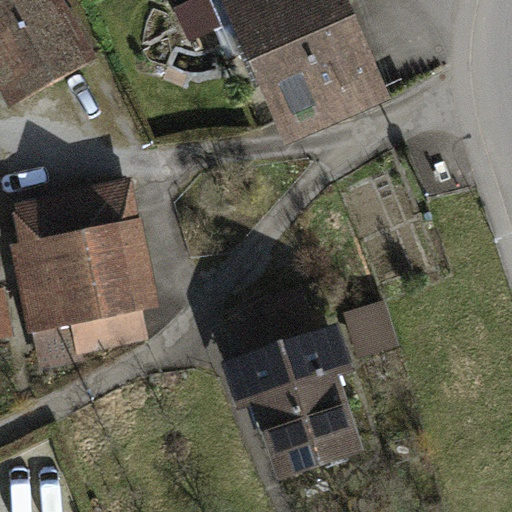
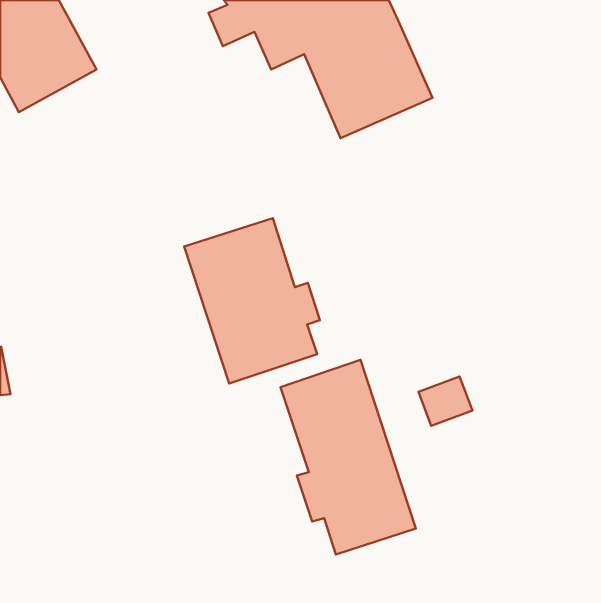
building: none -> [184,218,320,383]
building: [24,190,146,357] -> none

